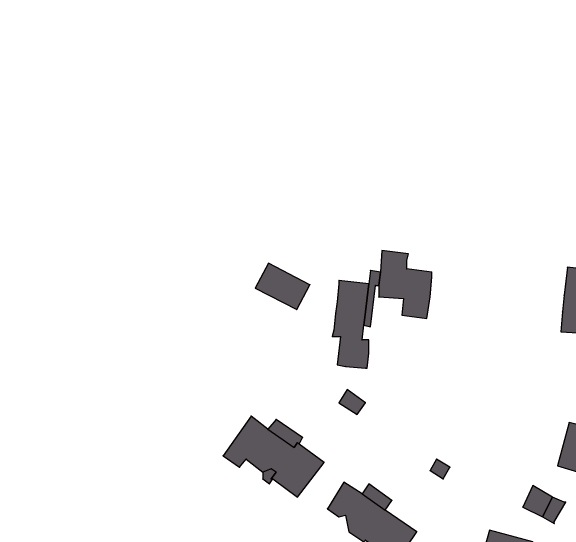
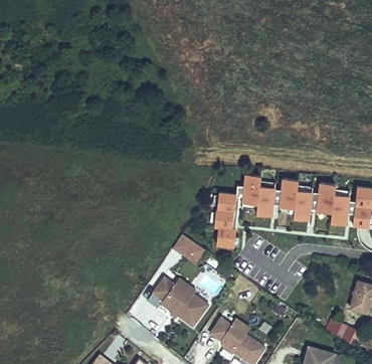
building: none -> [280,180,313,220]
building: none -> [317,183,349,225]
building: [255,263,310,310] -> [171,233,204,261]

